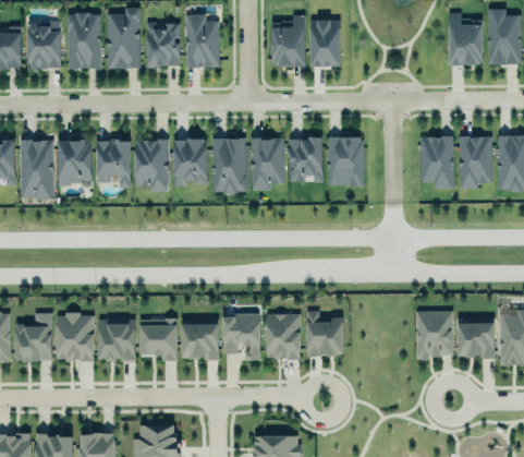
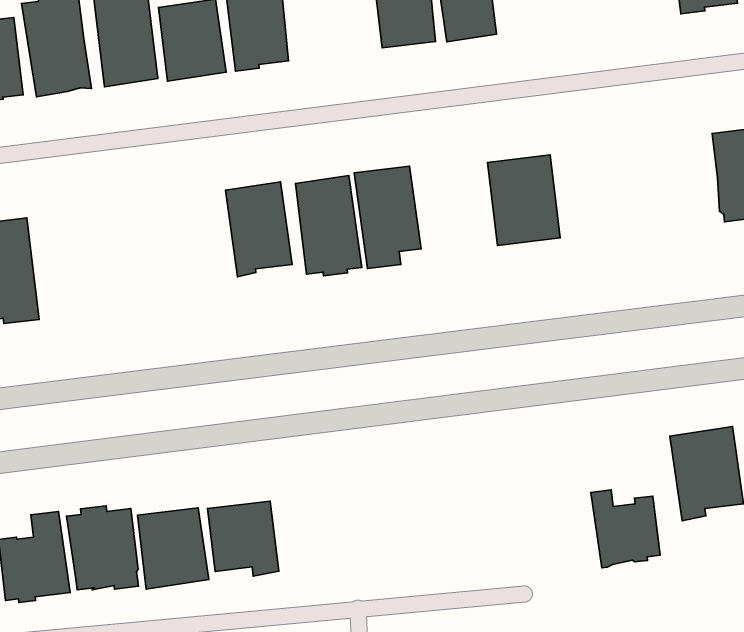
building: [97,136,130,189] -> none
building: [134,136,168,193] -> none
building: [59,137,93,184] -> none
building: [419,137,453,190] -> none
building: [289,140,322,184] -> none
building: [307,311,343,356] -> [591,490,660,568]
building: [223,313,260,360] -> none
building: [267,313,301,359] -> none
building: [182,318,219,359] -> none

